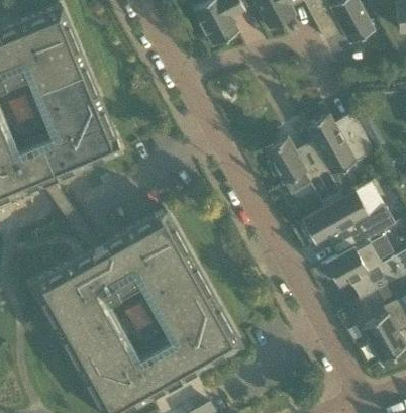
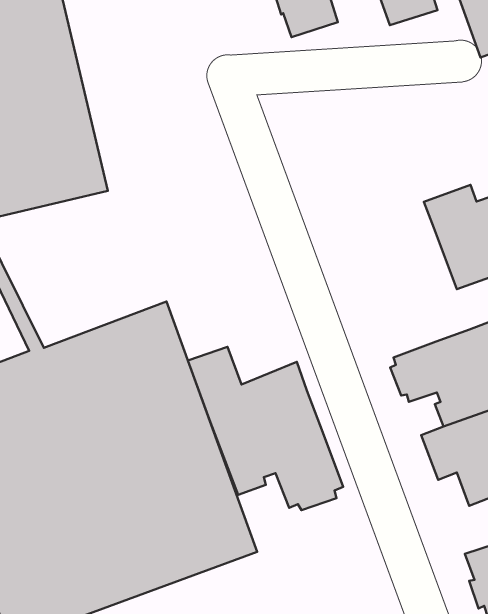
building: [265,138,343,208] -> none
building: none -> [188,347,343,510]

